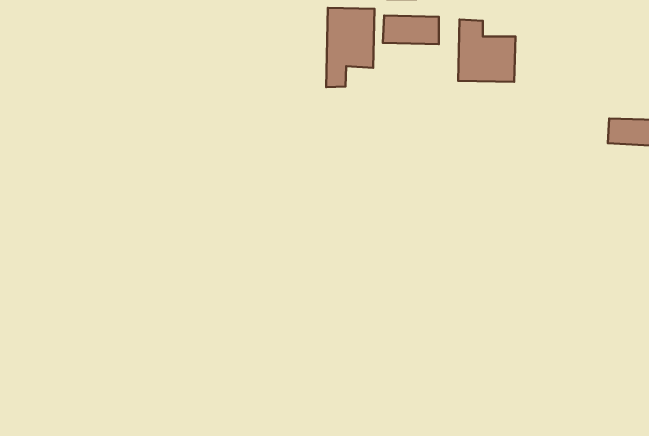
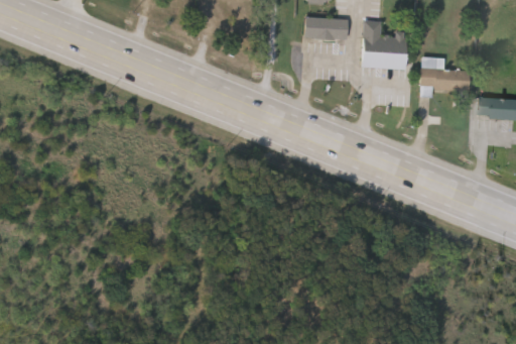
building: [326,8,374,87] -> none
building: none -> [419,56,469,96]

